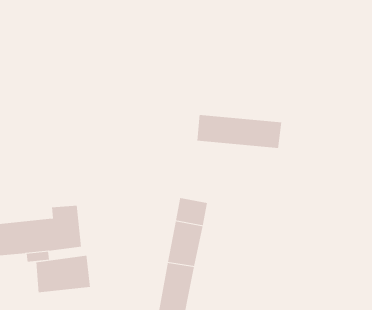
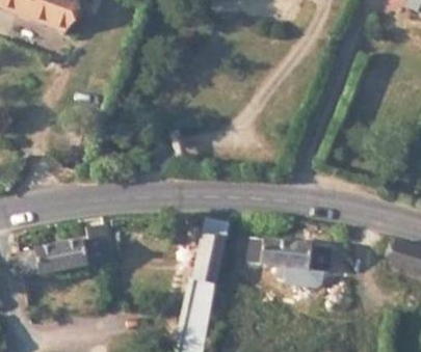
building: [197,115,282,149] -> [247,242,328,274]
building: [36,255,91,293] -> none

